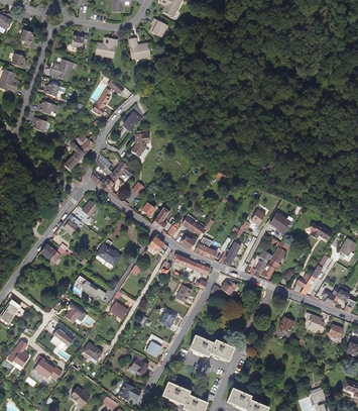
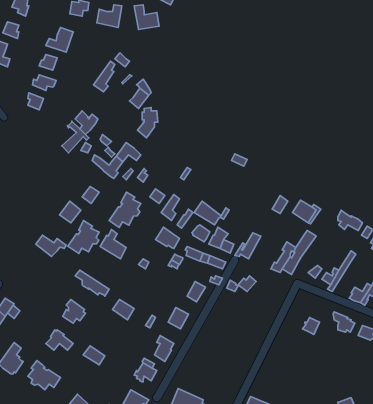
building: none -> [109,192,141,227]
building: none -> [68,221,99,253]
building: [189,334,234,361] -> none

